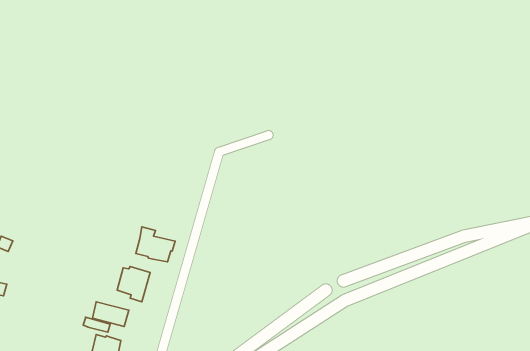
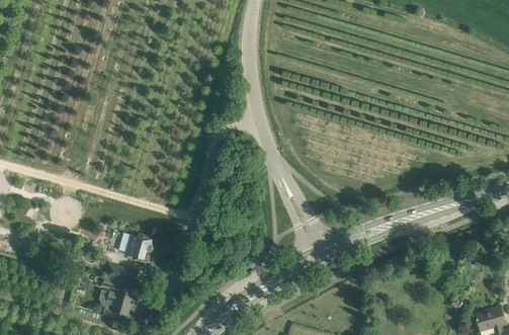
building: [136,227,175,262] -> none

